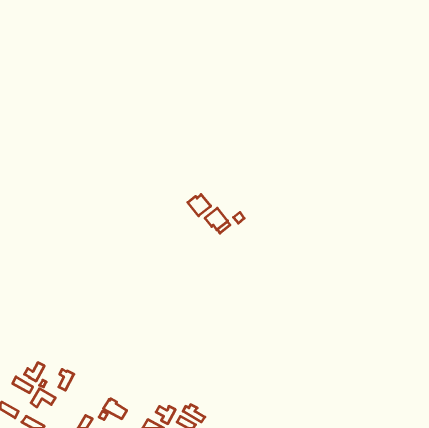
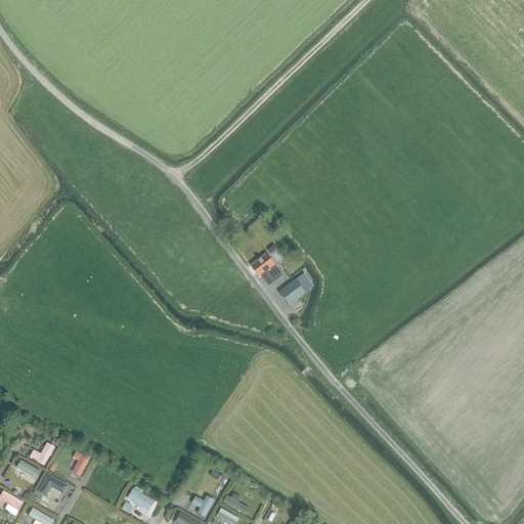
building: [188,194,211,216] -> none
building: none -> [278,272,313,305]

